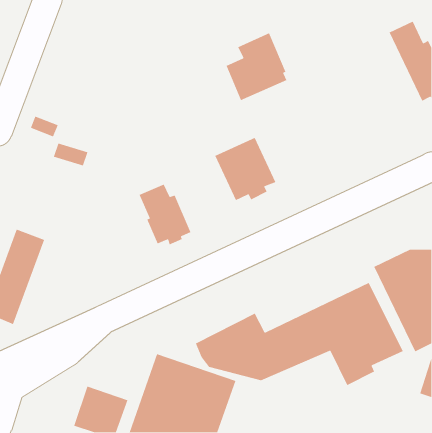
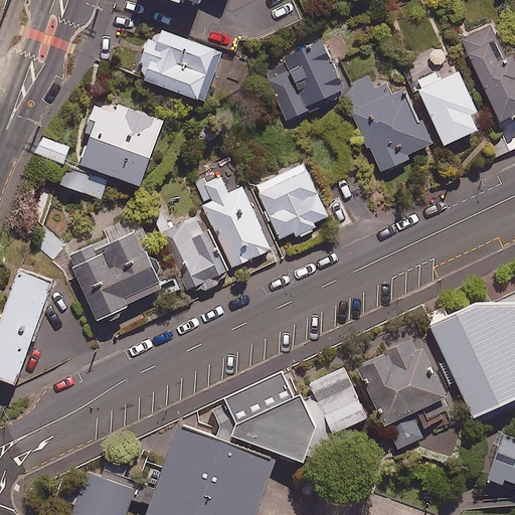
building: none -> [133,28,220,100]
building: none -> [417,70,476,143]
building: none -> [340,75,427,170]
building: none -> [79,105,165,186]
building: none -> [193,174,271,267]
building: none -> [61,215,164,323]

